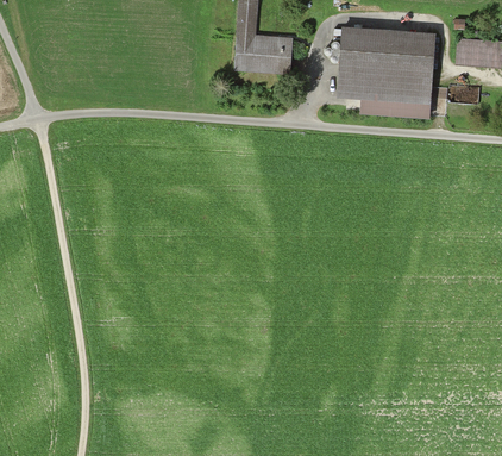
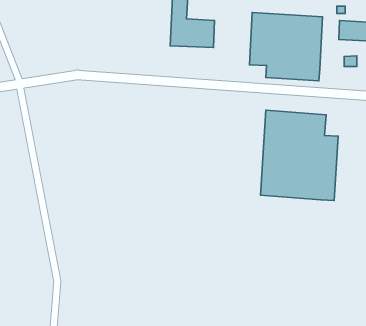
building: none -> [260,110,338,201]

